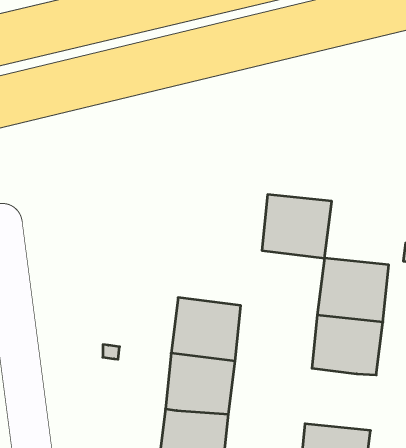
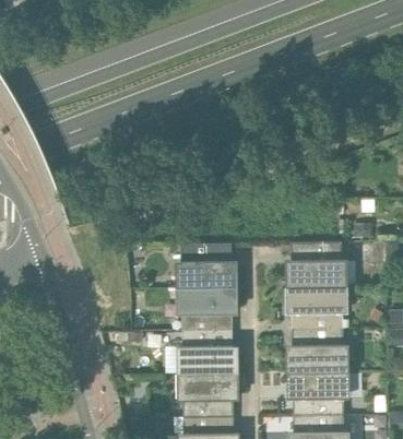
building: [262,195,332,258] -> [181,244,232,288]
building: none -> [293,329,344,373]

